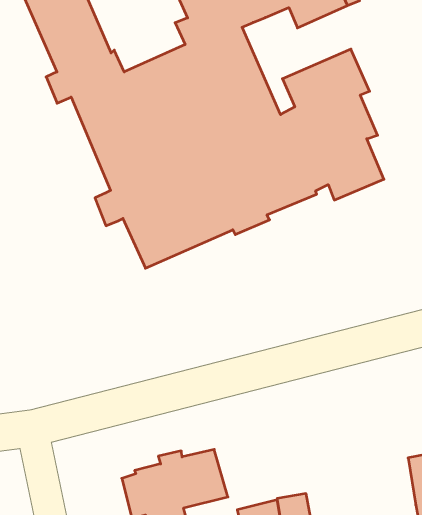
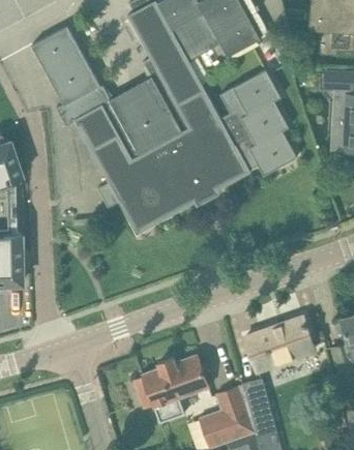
building: none -> [245,317,315,370]

